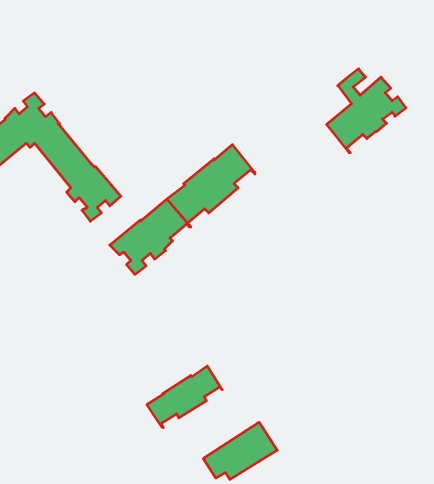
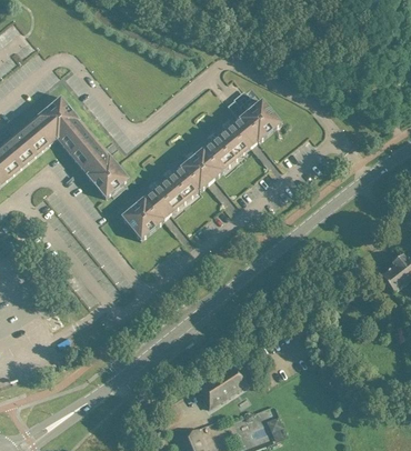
building: [327,69,406,153] -> [219,92,282,159]
building: [147,366,222,428] -> none

